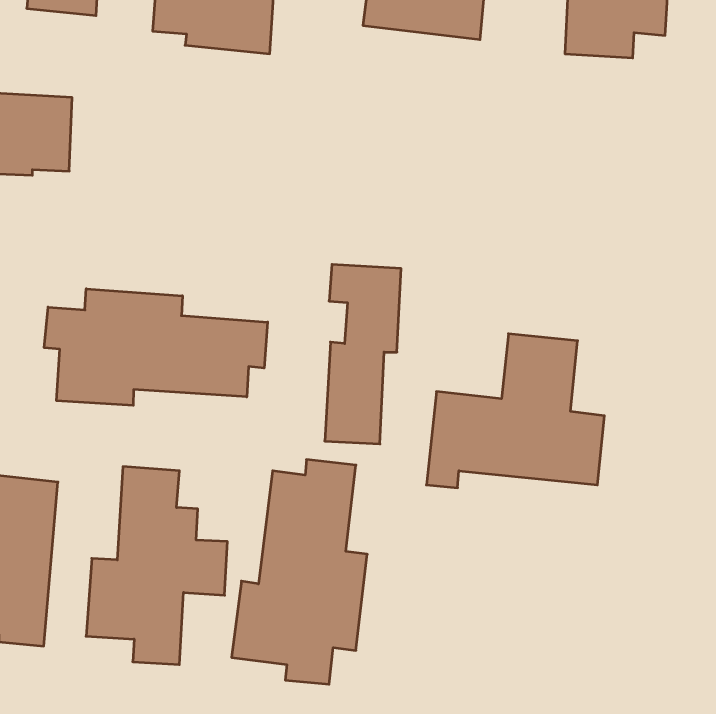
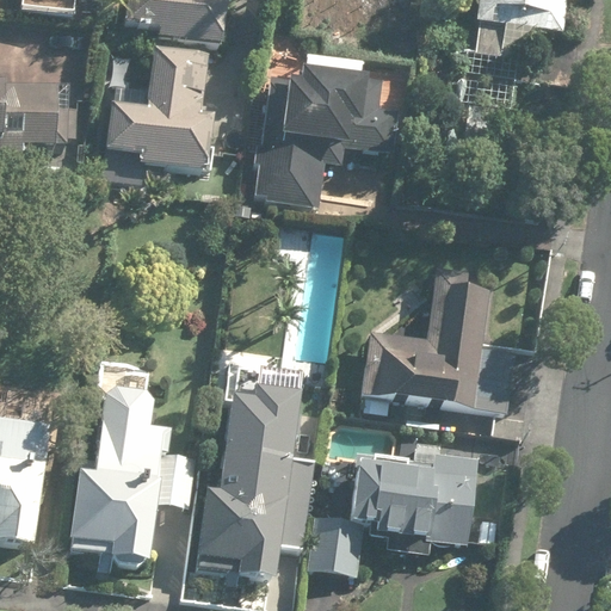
building: none -> [106,48,214,169]
building: none -> [248,67,394,197]
building: [44,289,268,405] -> none
building: none -> [308,453,477,574]

